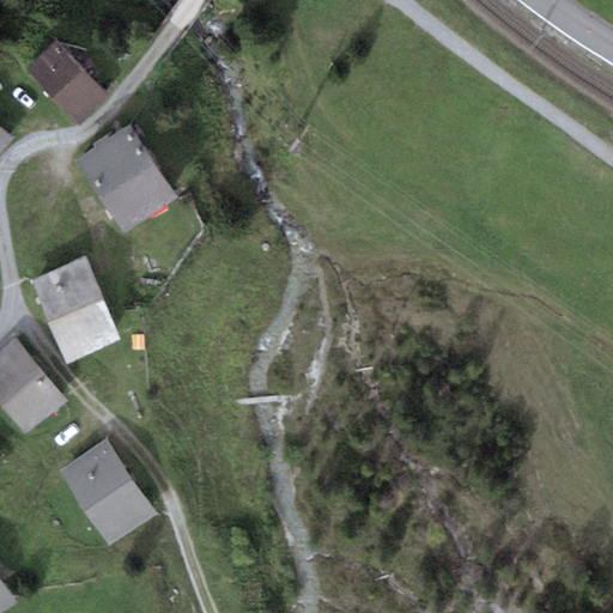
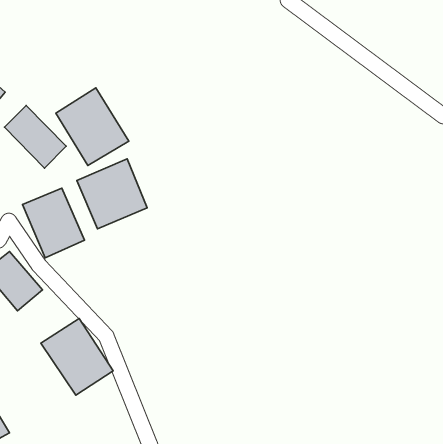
building: [24,38,109,125] -> [4,105,66,168]
building: none -> [77,159,147,229]

